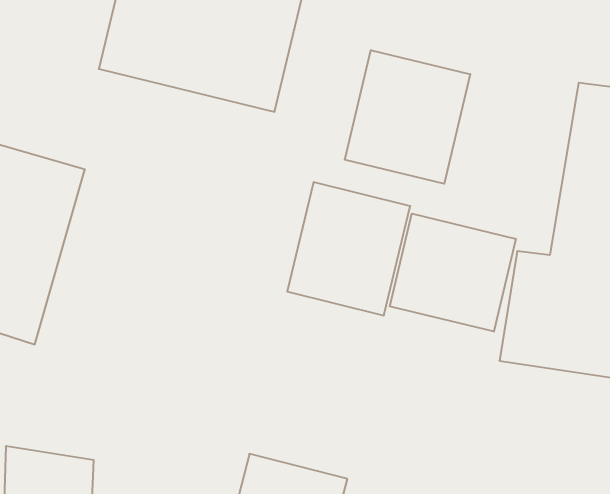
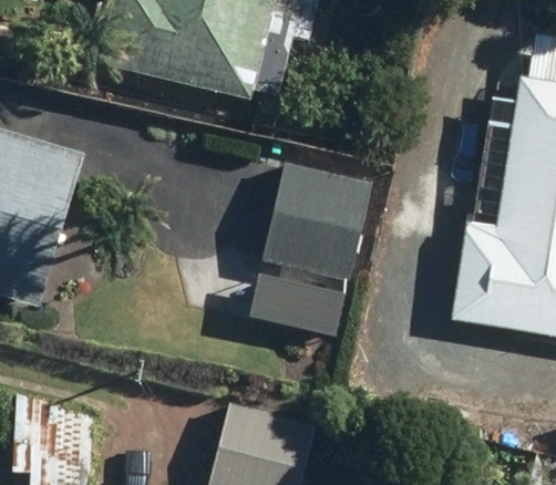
building: [345,50,470,184] -> none
building: [390,214,516,332] -> none

